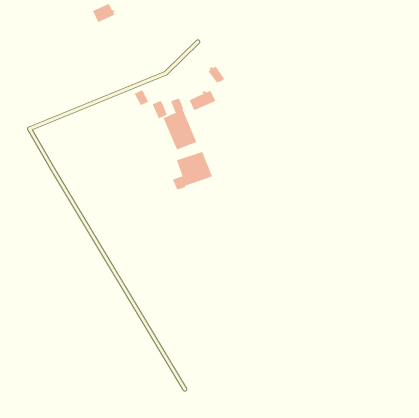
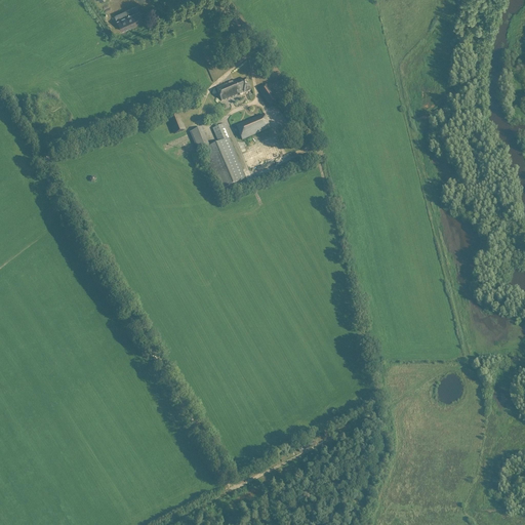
building: none -> [217,77,252,99]
building: [172,151,213,190] -> none

